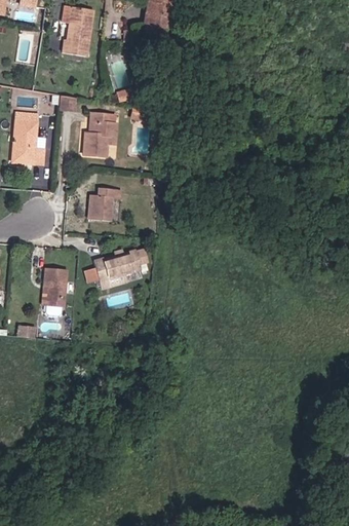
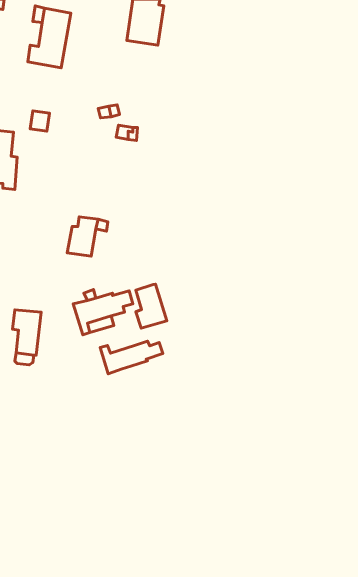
building: [83,113,116,155] -> none
building: none -> [136,284,167,328]
building: none -> [100,341,163,374]

